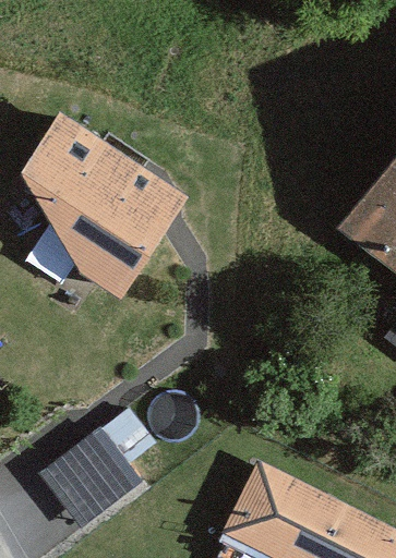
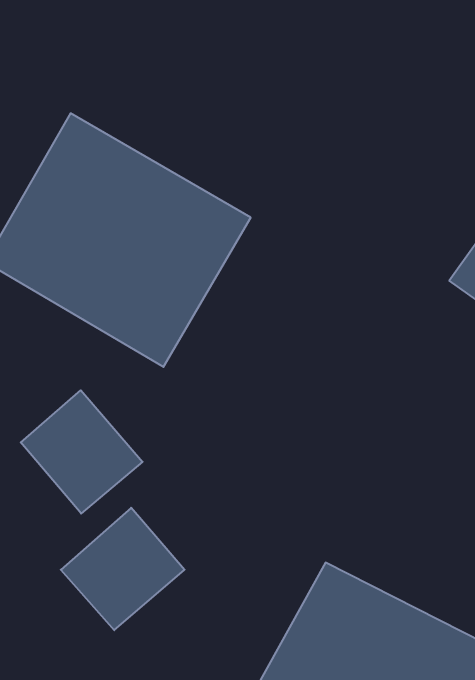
building: none -> [21,390,143,514]

